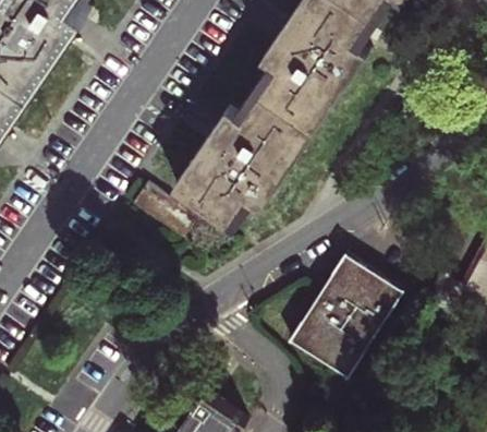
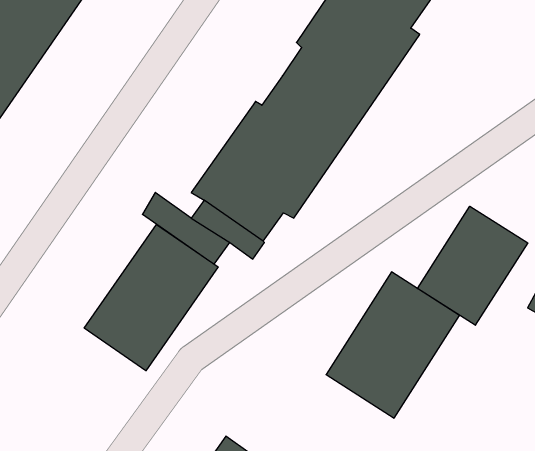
building: none -> [417,206,528,325]
building: none -> [84,224,218,371]

